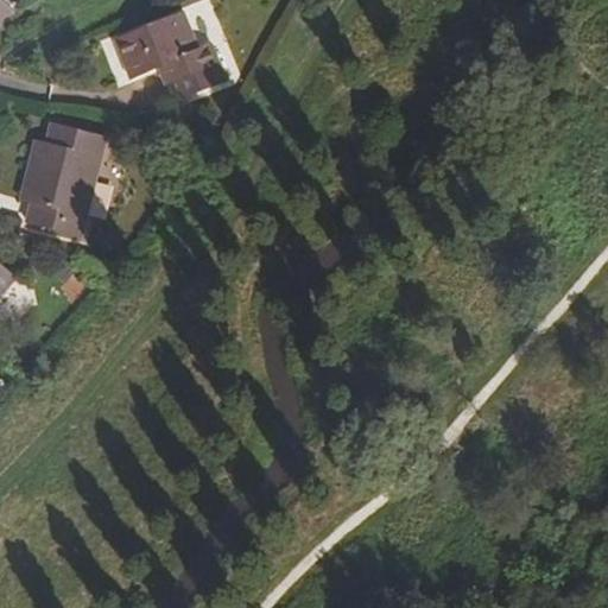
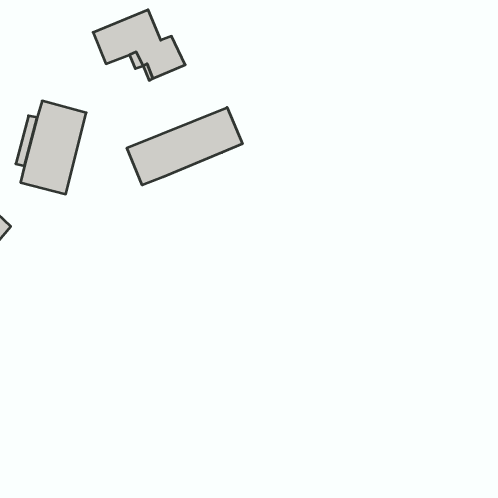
building: none -> [127,107,242,185]

